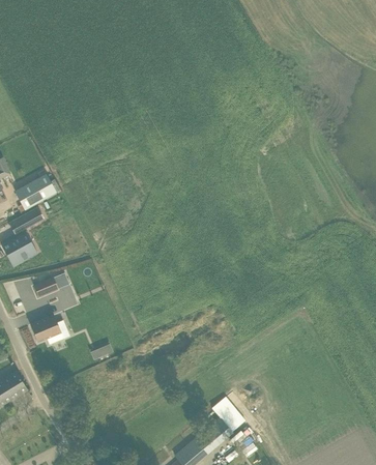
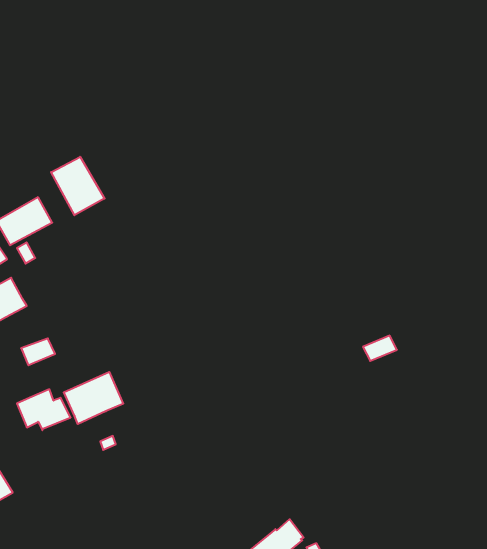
building: none -> [51,157,105,215]
building: none -> [64,372,123,424]

